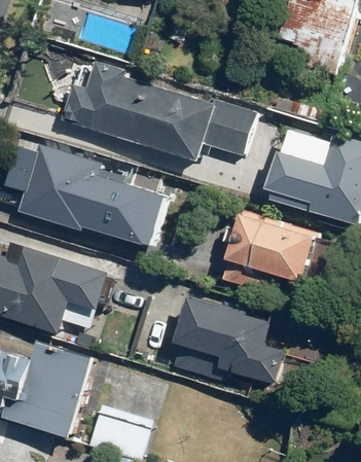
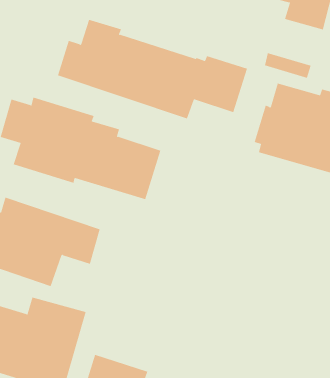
building: [220,216,311,292] -> none
building: [171,292,283,386] -> none

